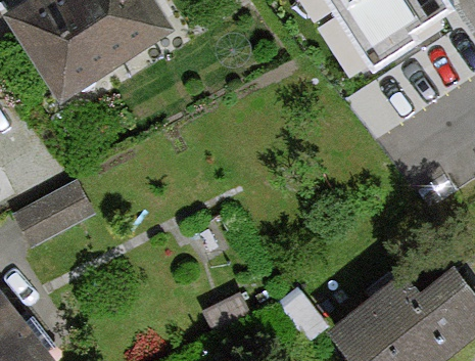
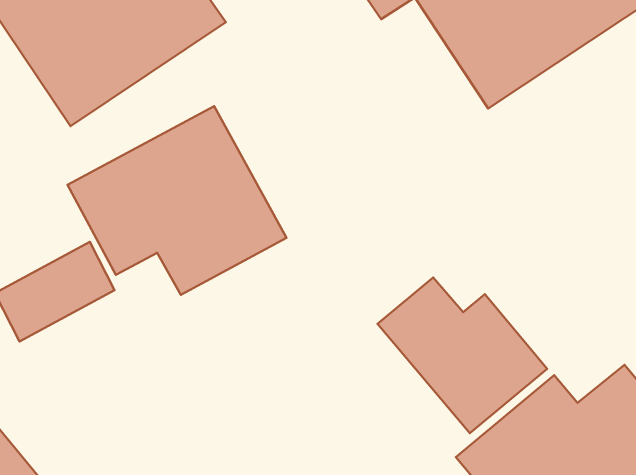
building: none -> [67,106,287,295]
building: none -> [378,277,547,433]

